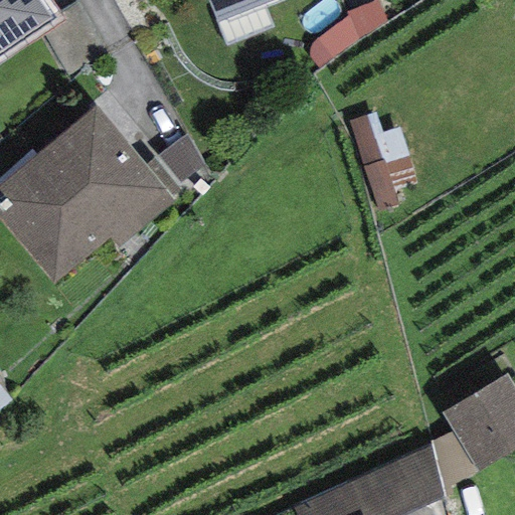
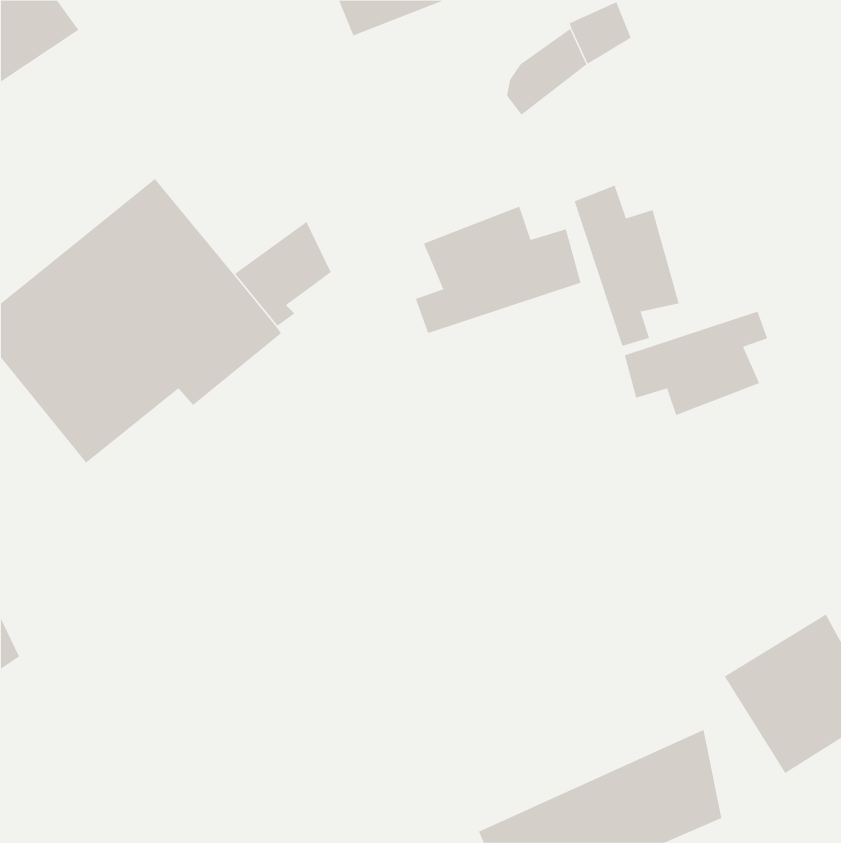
building: none -> [415,206,581,334]
building: none -> [624,311,768,416]

